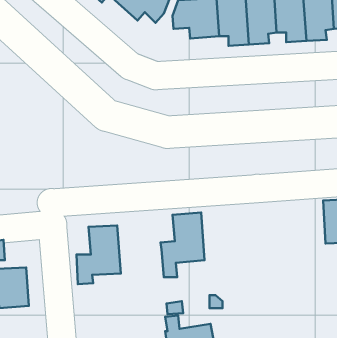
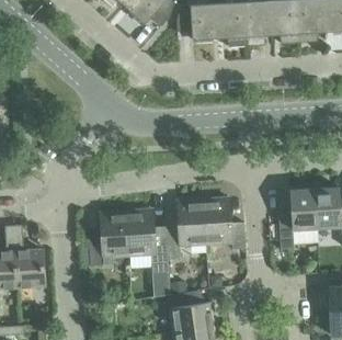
building: none -> [280,189,317,250]
building: none -> [203,199,246,250]
building: none -> [126,209,169,273]

